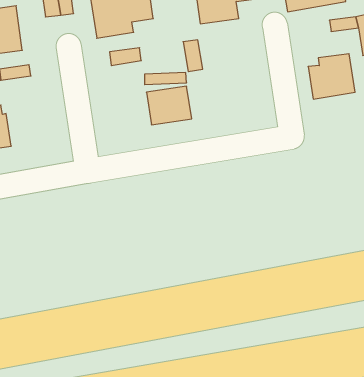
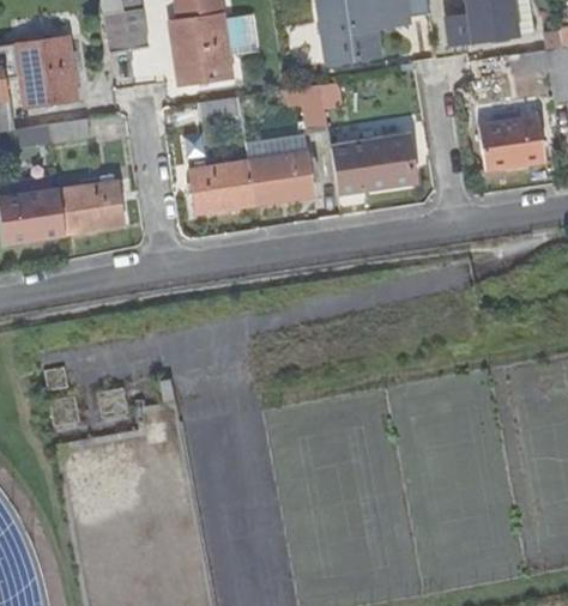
building: none -> [332,135,415,190]
building: none -> [192,159,258,213]
building: none -> [54,181,122,235]

